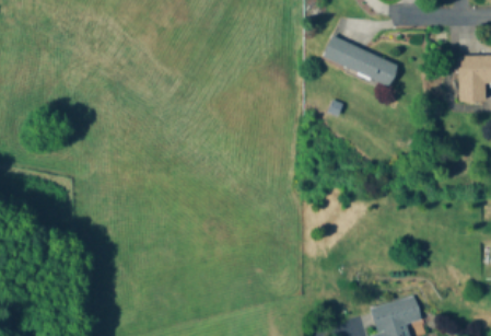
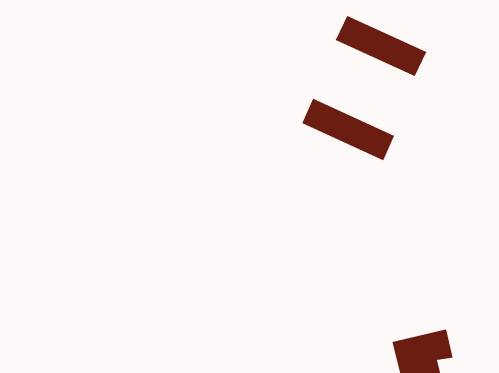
building: none -> [301,98,395,161]

